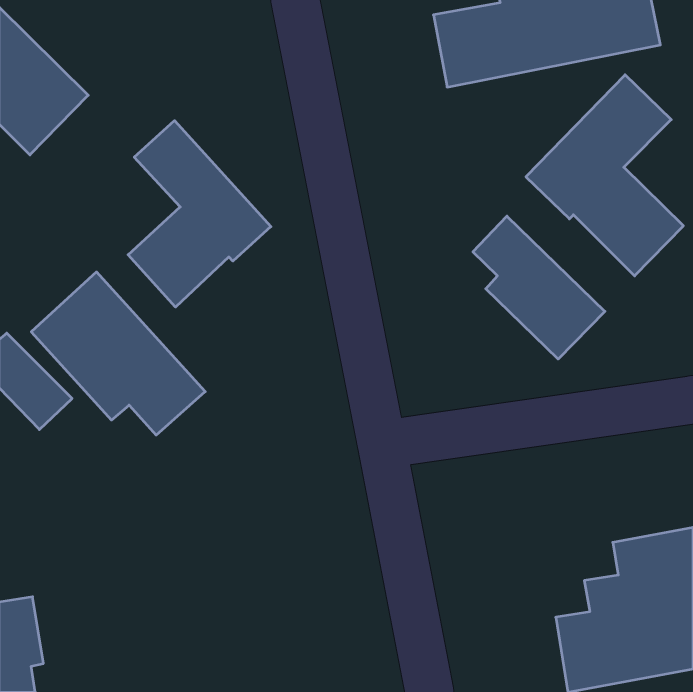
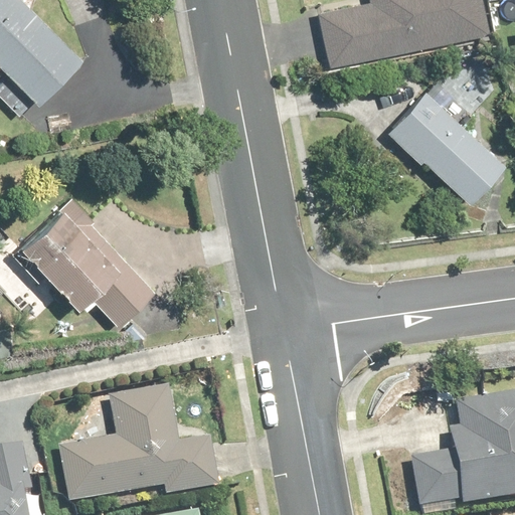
building: [128,121,271,307] -> none
building: [473,216,605,359] -> none
building: none -> [61,385,219,501]

